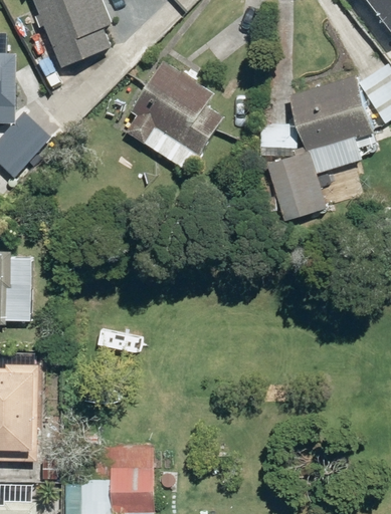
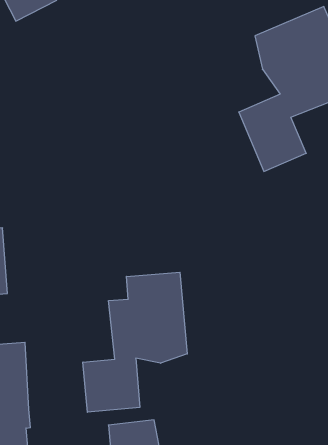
building: [125,61,222,173] -> none
building: none -> [83,272,187,412]

